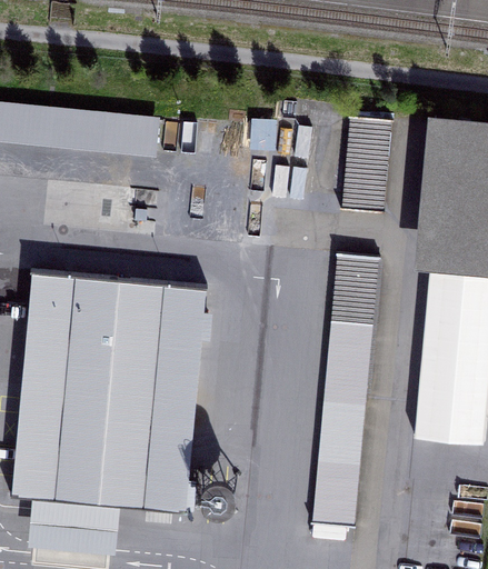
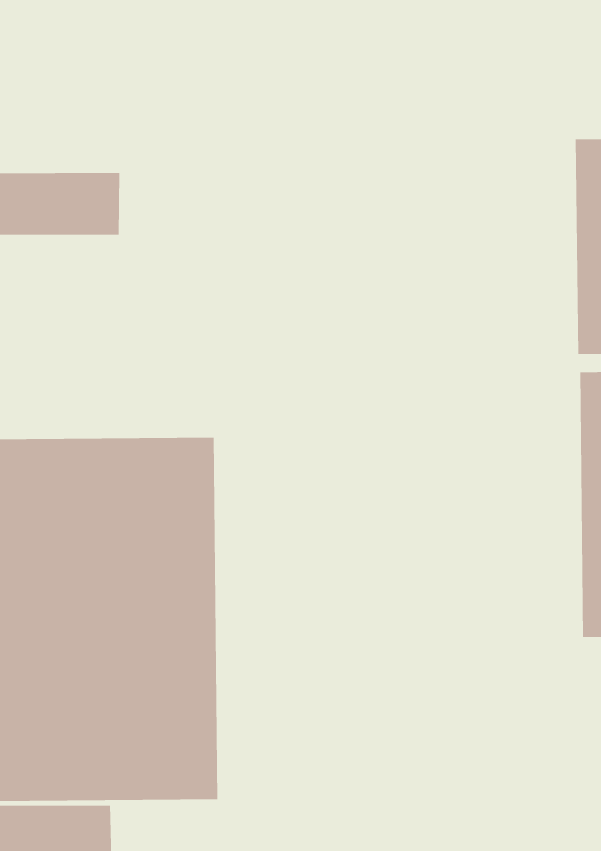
building: [343,118,387,213] -> none
building: [315,254,375,528] -> none

